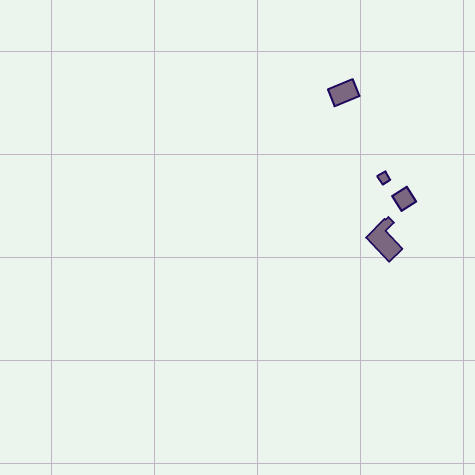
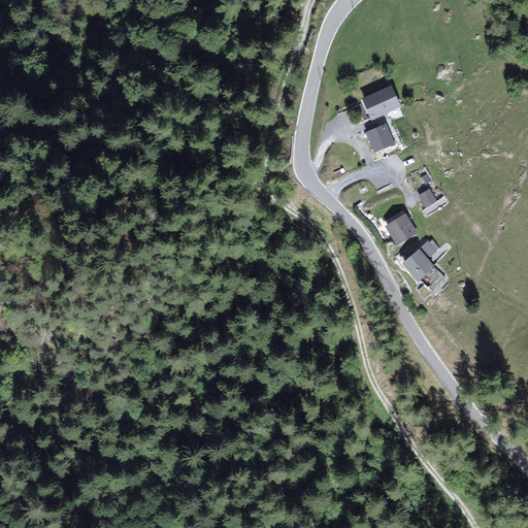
building: none -> [365,125,393,151]
building: [392,187,416,211] -> [388,216,415,242]

